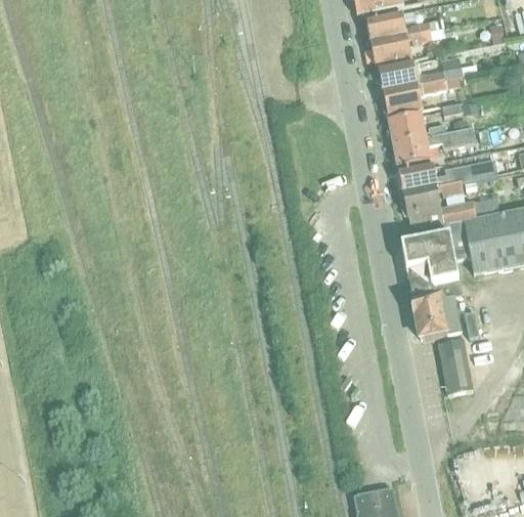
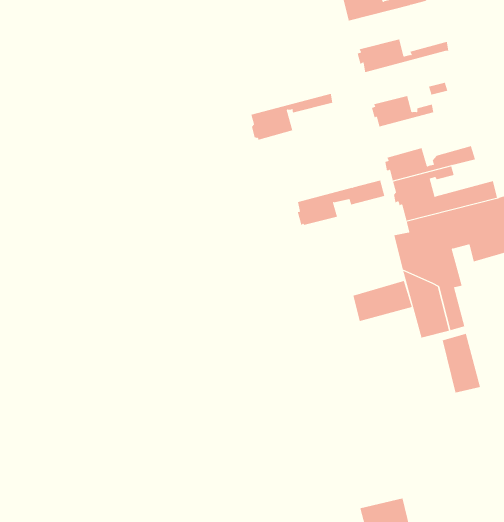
building: [372,30,432,64] -> none
building: [384,75,462,115] -> [250,93,333,141]
building: [393,126,476,164] -> [297,180,385,226]
building: none -> [353,280,412,322]

